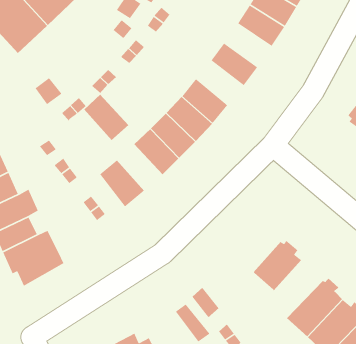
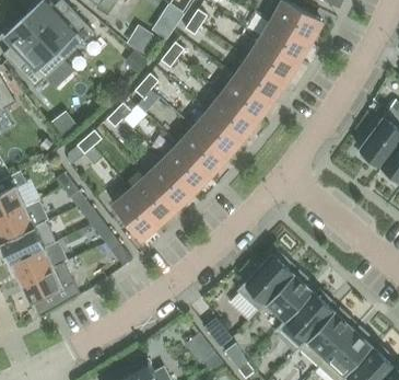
building: none -> [236,58,283,101]
building: none -> [209,94,256,138]
building: [84,94,129,141] -> [131,176,176,222]
building: none -> [236,252,292,310]
building: none -> [277,289,333,347]

